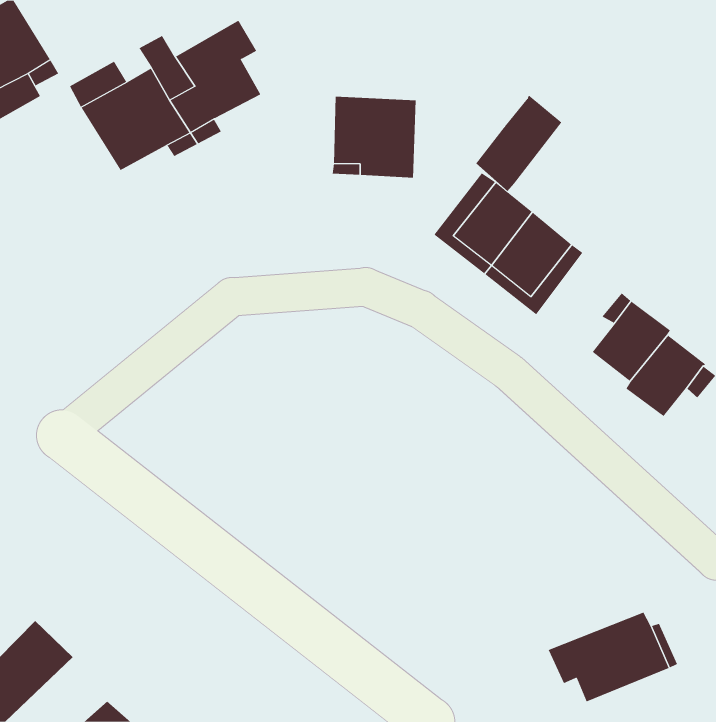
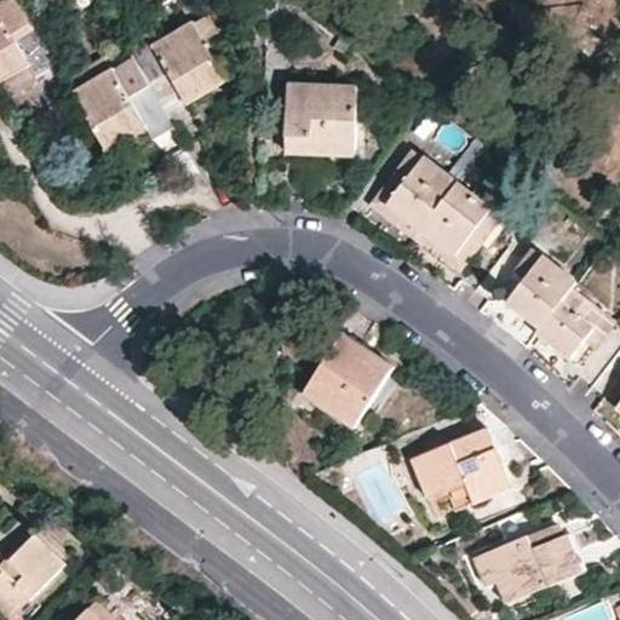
building: [475,95,562,192] -> none
building: none -> [298,332,390,426]
building: none -> [408,432,498,510]

